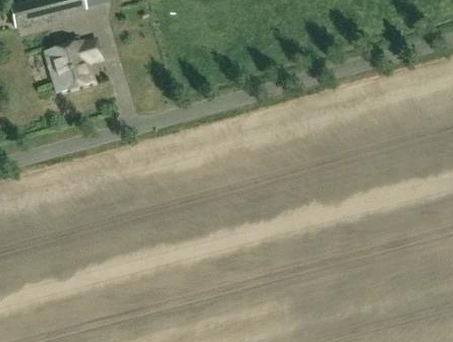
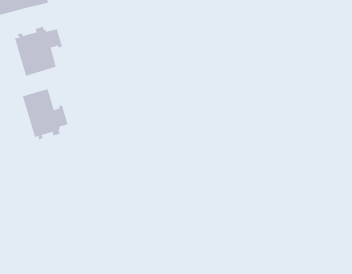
building: none -> [22,89,68,141]

